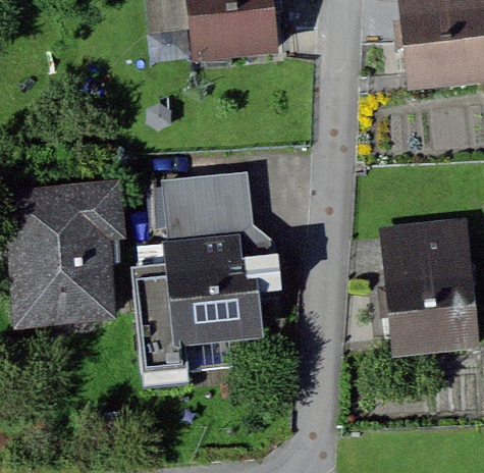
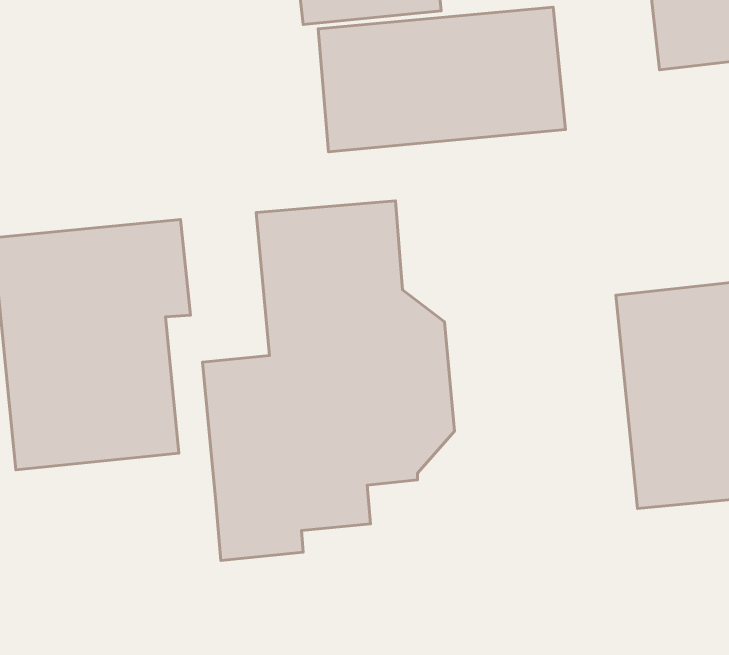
building: none -> [318,7,565,152]

